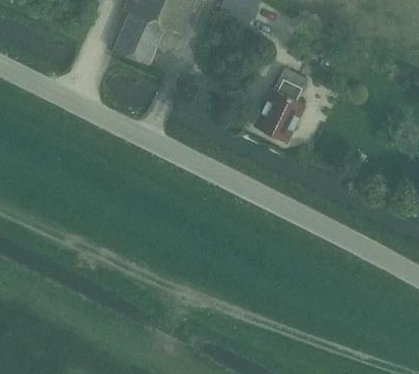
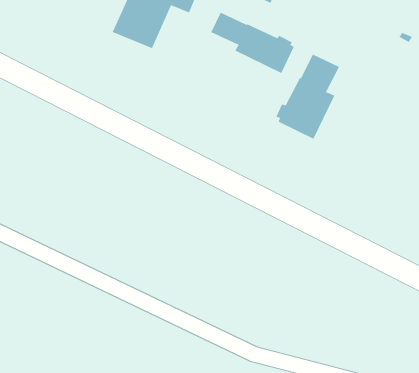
building: none -> [210,12,294,74]

